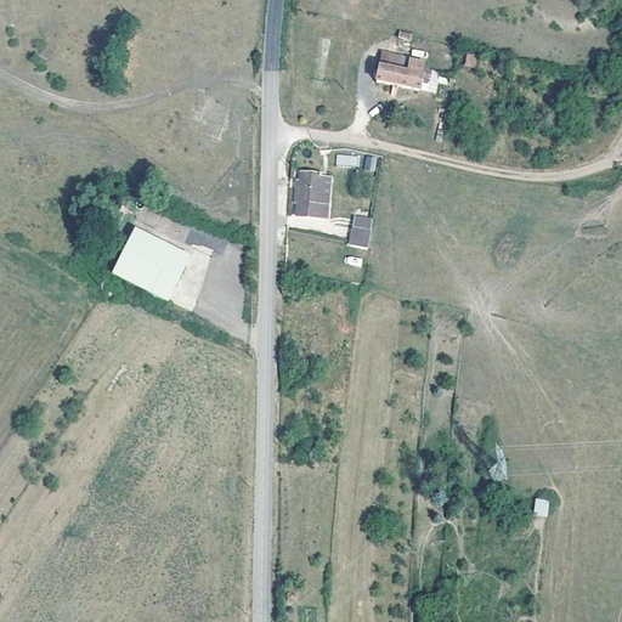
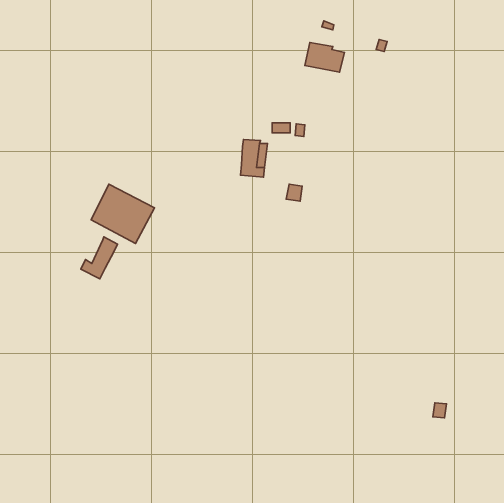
building: none -> [81,237,117,279]

